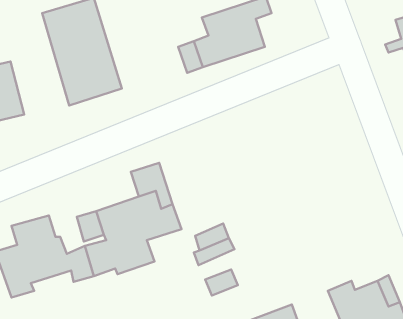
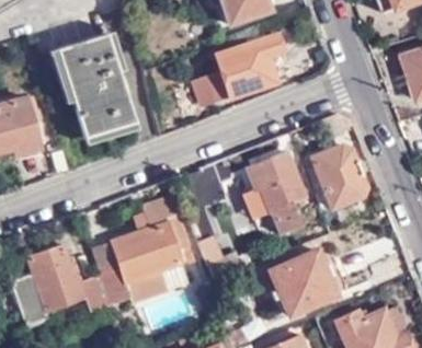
building: none -> [309,144,365,207]
building: none -> [250,158,305,234]
building: none -> [269,250,335,316]

